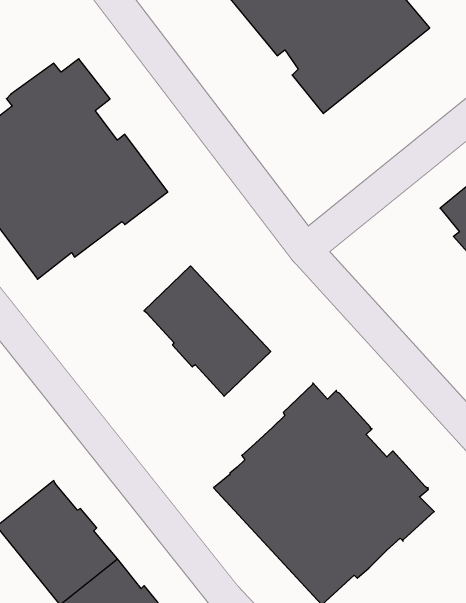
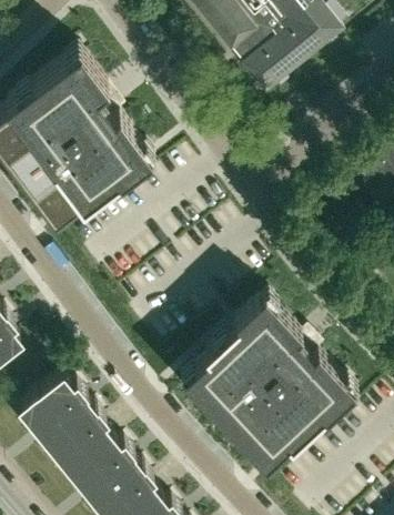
building: [144,266,271,396] -> none

